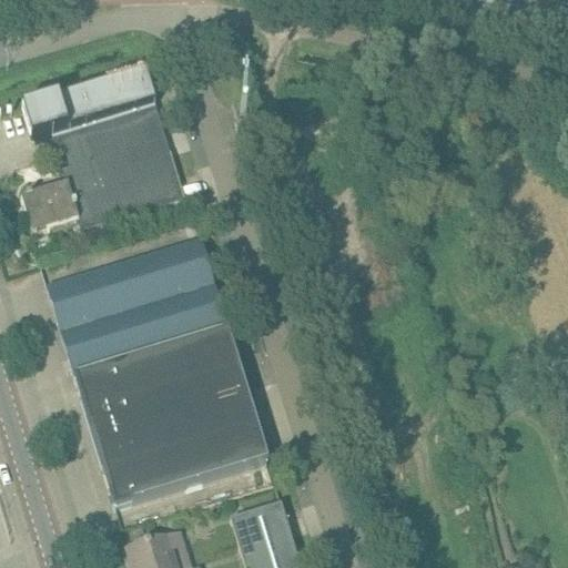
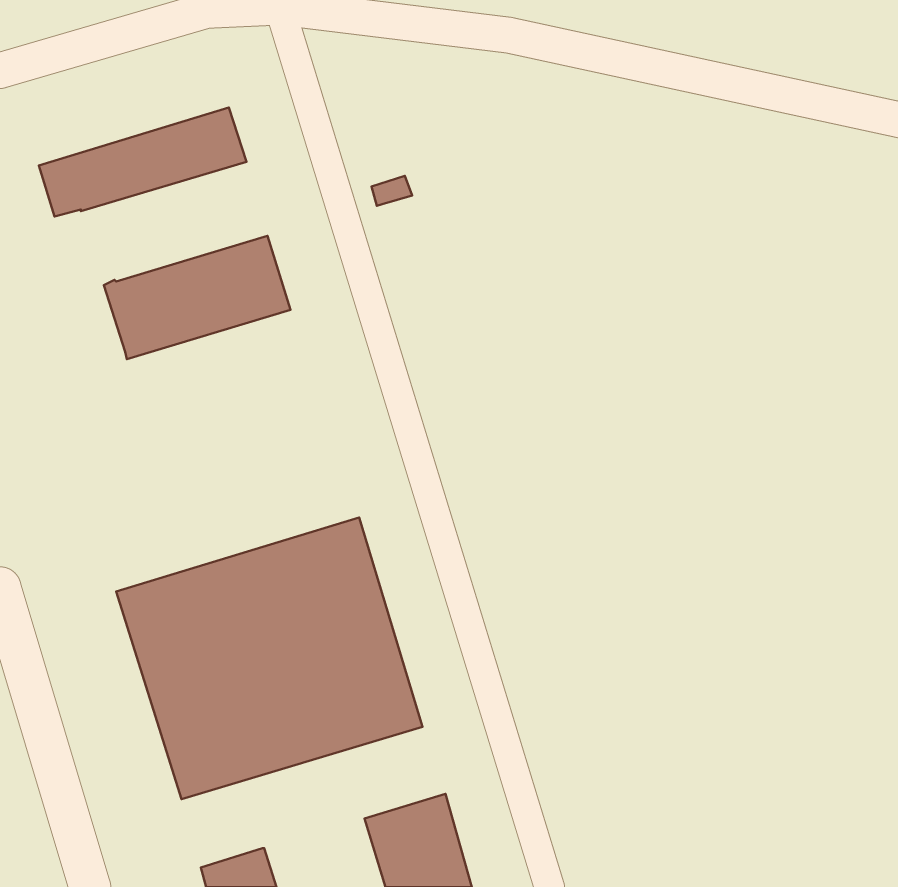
building: [52,102,170,178] -> none
building: [21,180,80,231] -> none
building: [48,237,227,373] -> none

